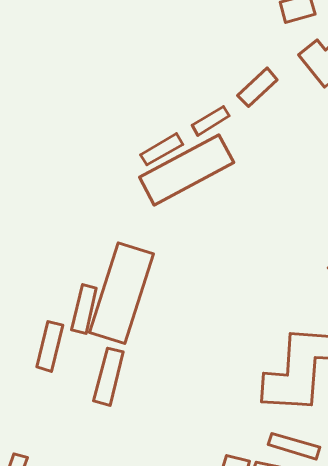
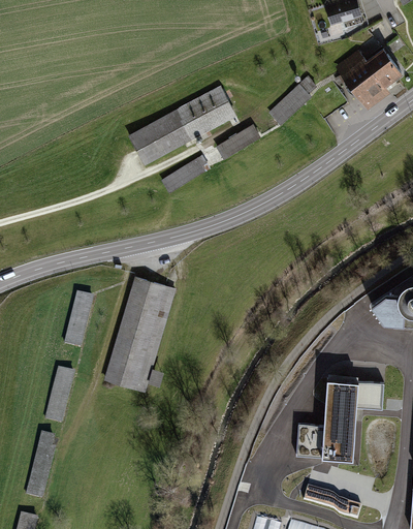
building: [139,135,234,205] -> [133,86,239,164]
building: [71,284,96,334] -> [65,291,93,346]
building: [94,348,123,405] -> [24,434,57,498]

